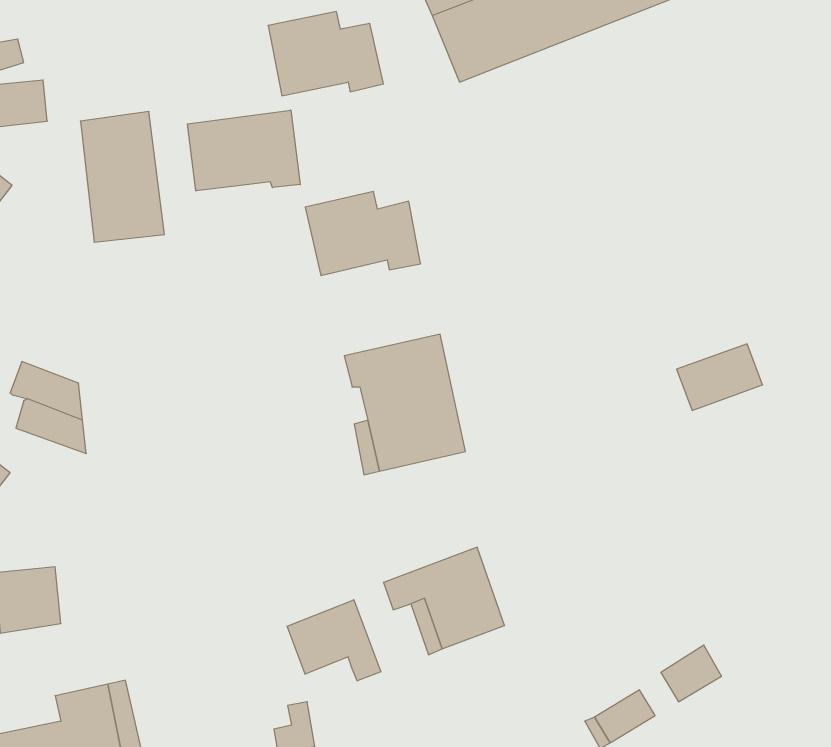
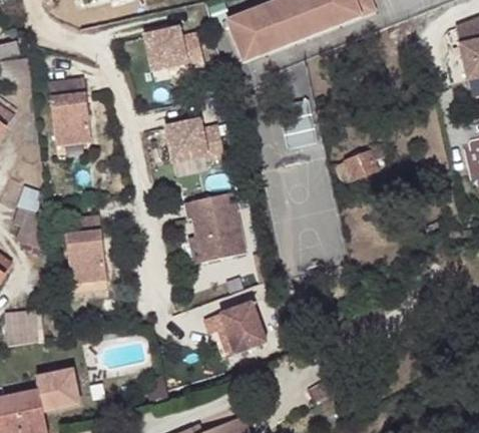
building: [188,110,300,191] -> none
building: [677,344,763,410] -> [336,148,380,182]
building: none -> [63,214,106,282]
building: [287,600,381,681] -> none

